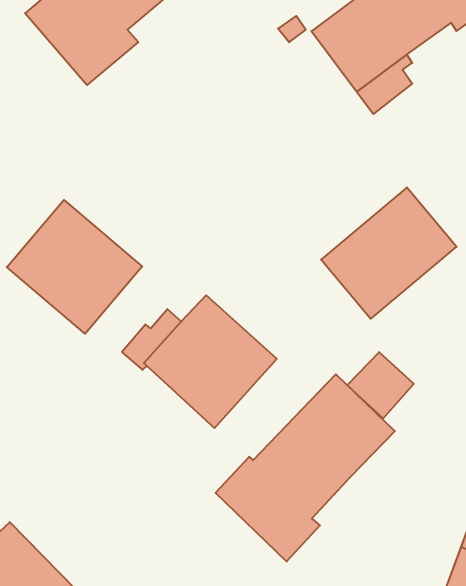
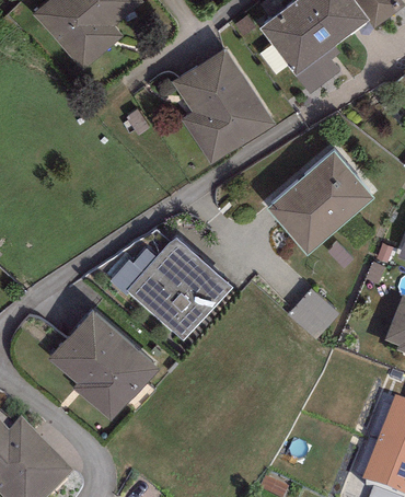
building: none -> [171,47,275,165]
building: [7,200,142,334] -> none
building: [216,374,395,562] -> none
building: none -> [48,310,158,421]

